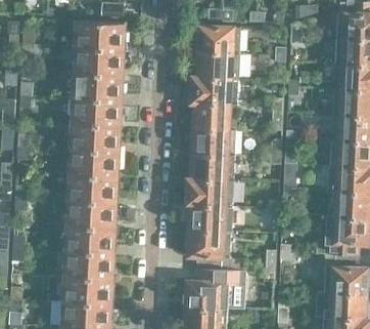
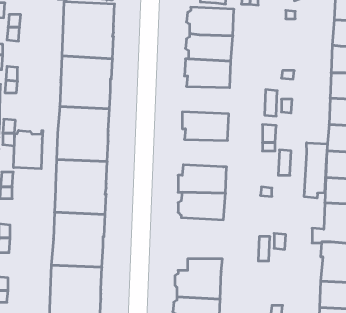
building: [190,102,236,129] -> none
building: none -> [14,130,43,169]
building: [188,154,234,180] -> none
building: none -> [304,143,327,198]
building: [185,230,243,271] -> none

